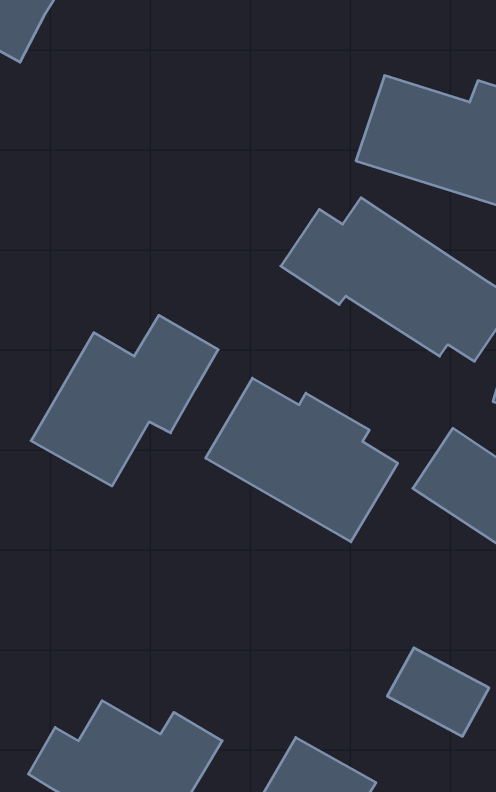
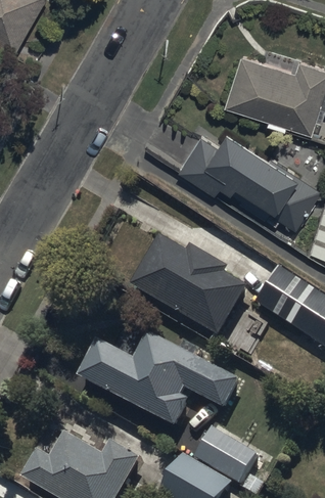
building: [31,315,218,486] -> none
building: none -> [80,333,240,428]
building: [387,648,489,736] -> [196,428,259,483]

